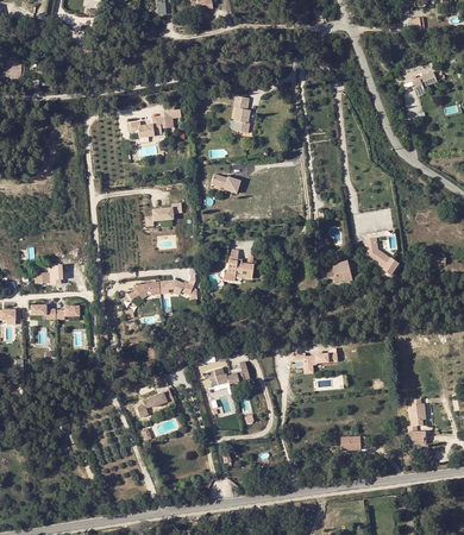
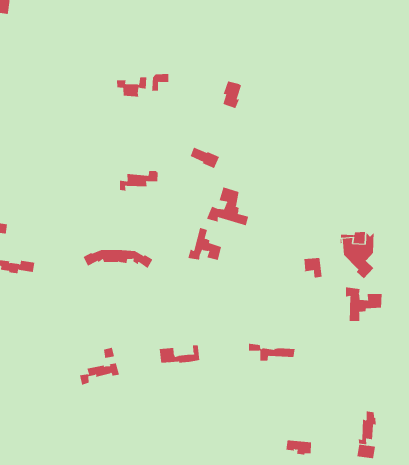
building: none -> [206,187,249,226]
building: none -> [345,287,382,322]

